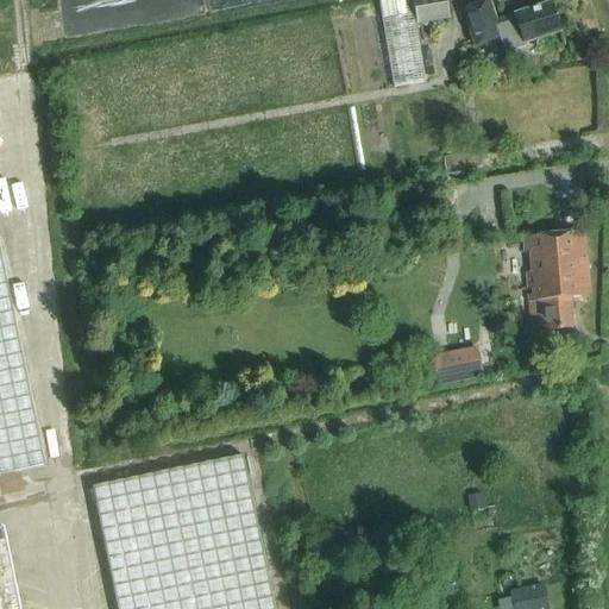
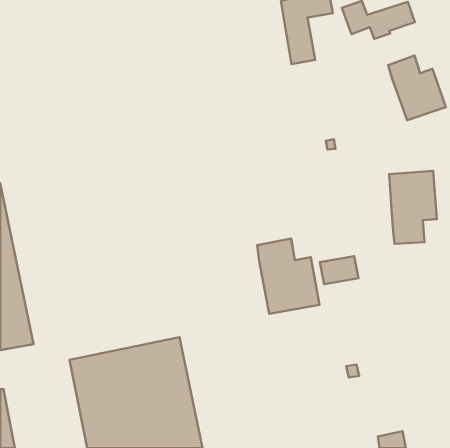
building: none -> [388,56,446,120]
building: none -> [257,238,319,314]

